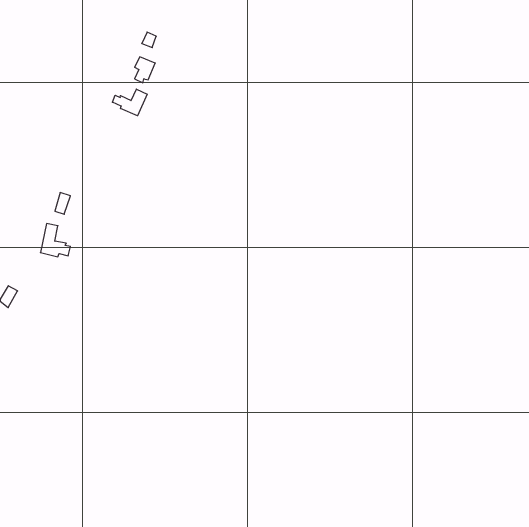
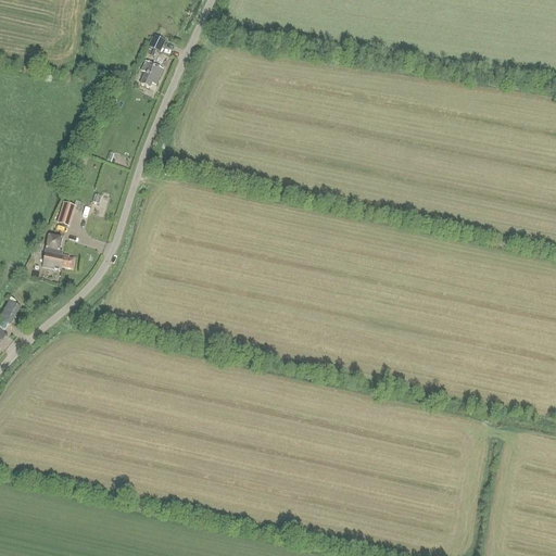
building: [112,89,147,116] -> none

